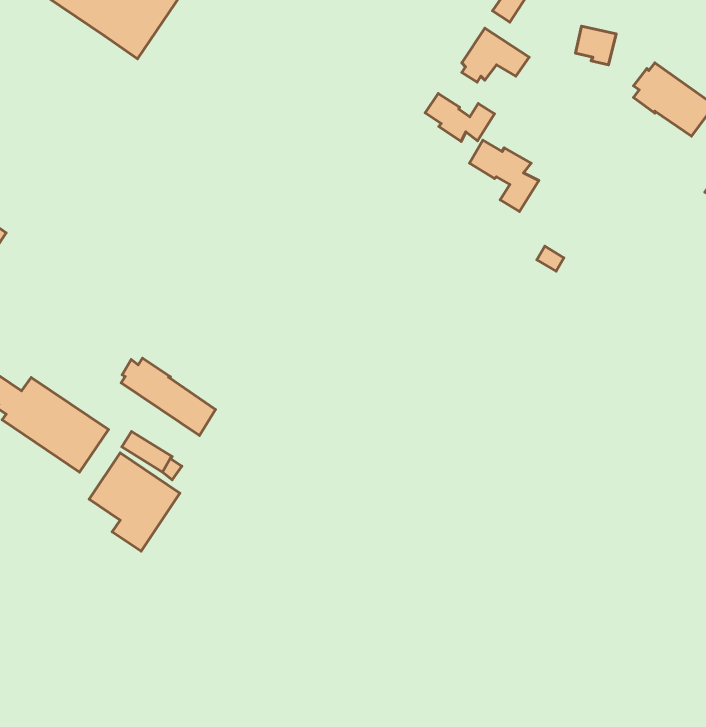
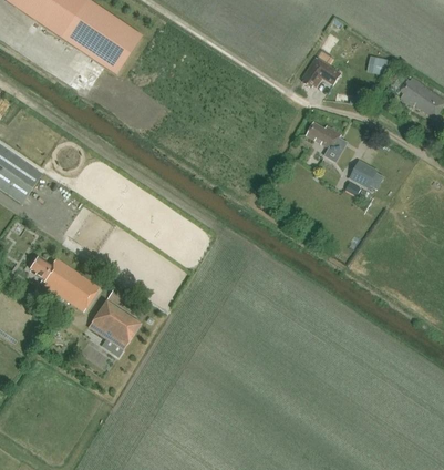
building: [425,93,494,142] -> none
building: none -> [349,161,378,188]
building: [121,358,216,436] -> none

